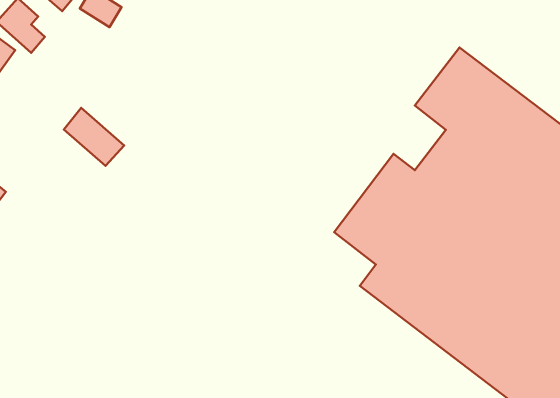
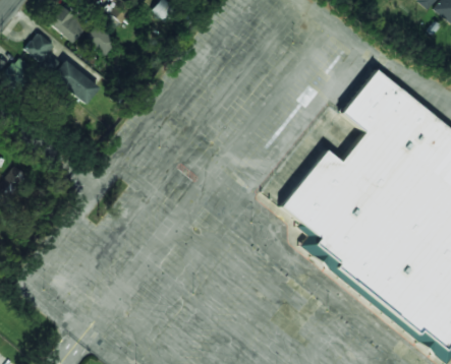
building: [64,108,124,166] -> [53,60,99,104]

